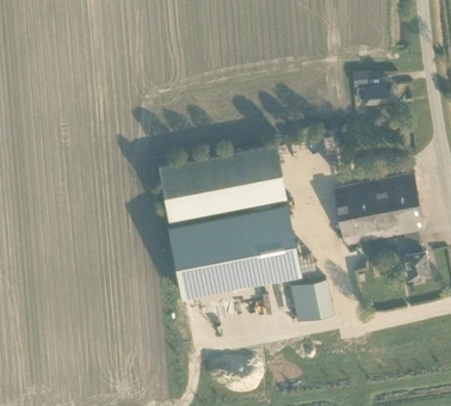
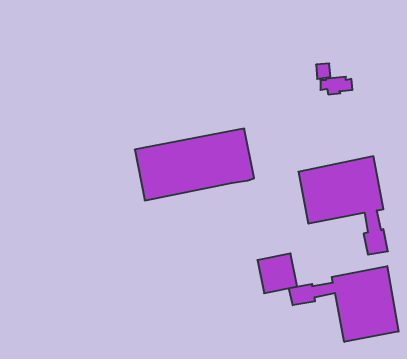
building: [168,201,299,299] -> none
building: none -> [289,266,399,342]

